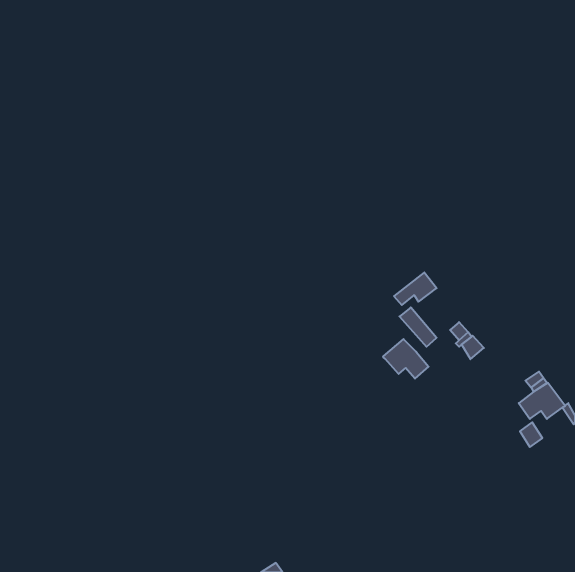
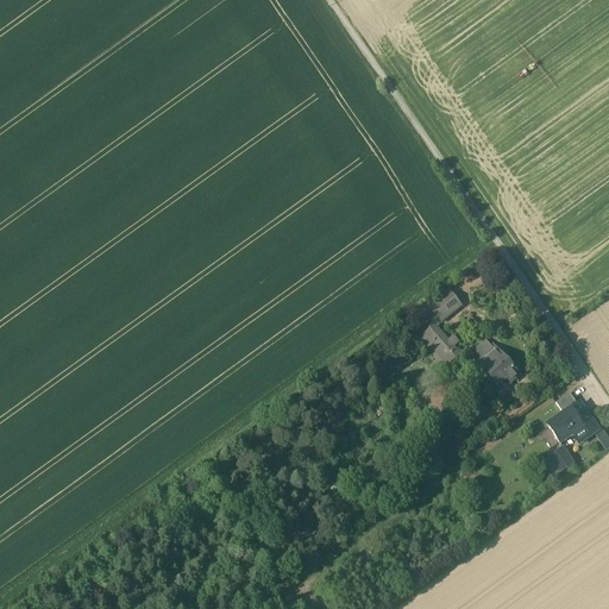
building: [383,339,429,379] -> none

